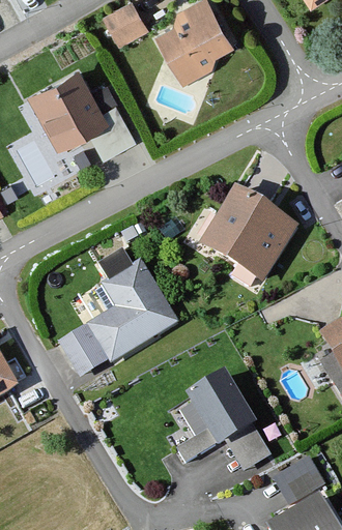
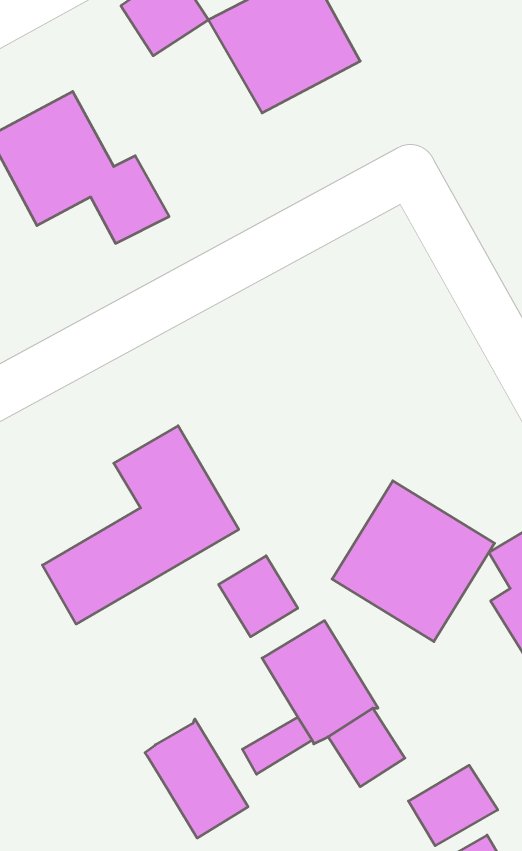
building: [208,187,303,281] -> [332,481,495,642]
building: none -> [219,556,298,637]
building: none -> [145,719,248,838]

